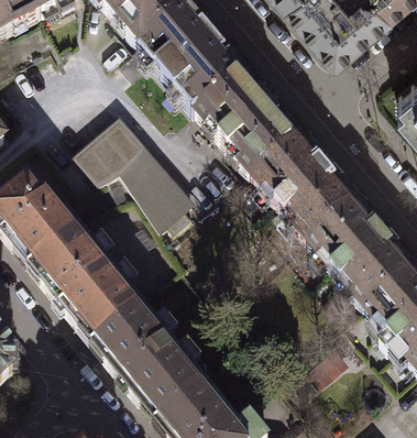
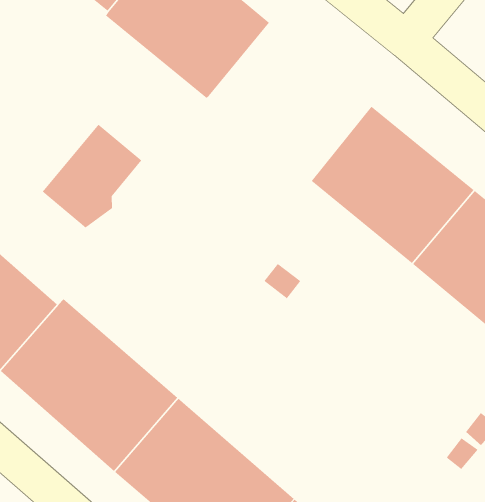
building: [198,70,301,177] -> none
building: [123,145,196,230] -> none

